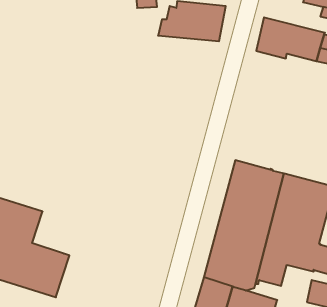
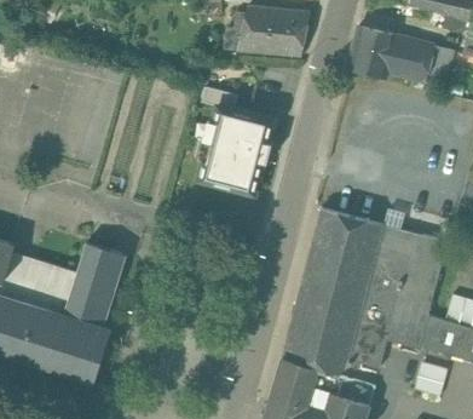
building: none -> [203,108,270,193]
building: none -> [63,242,125,326]

